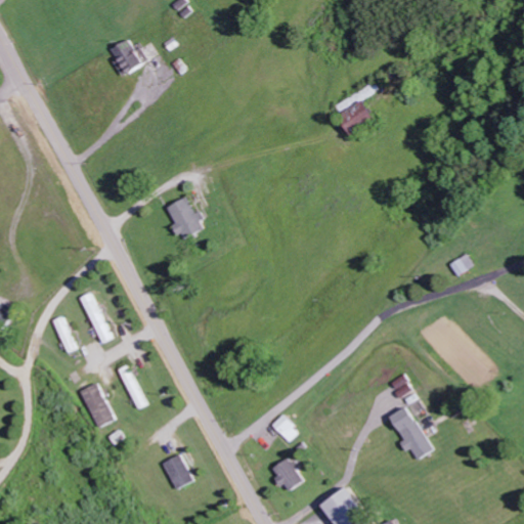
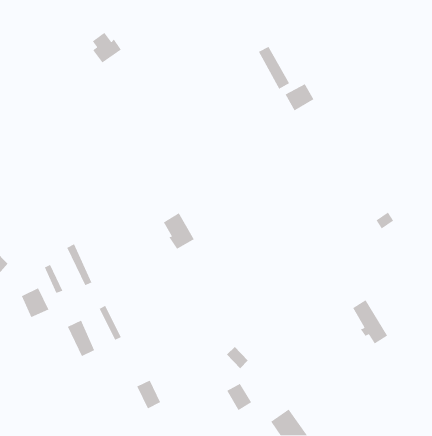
building: none -> [258,46,290,90]
building: [167,194,205,239] -> [163,212,195,250]
building: none -> [21,287,49,318]
building: [389,405,432,460] -> [352,299,388,345]

